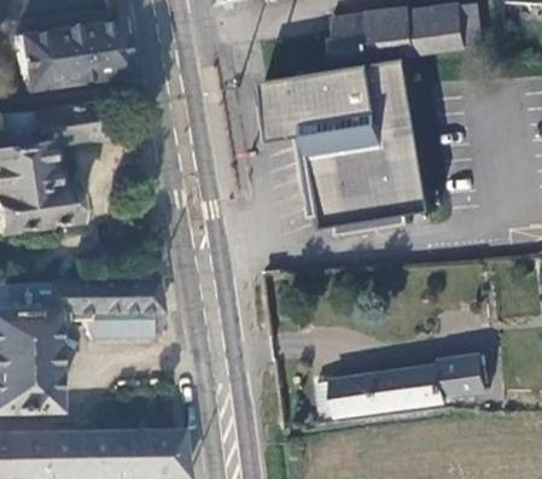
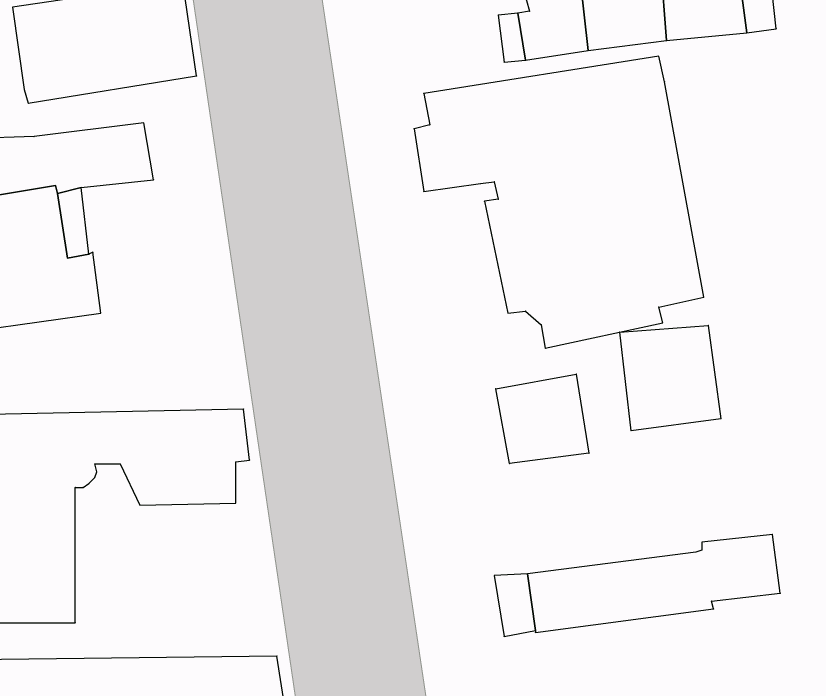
building: none -> [620,325,721,431]
building: none -> [496,374,589,464]

